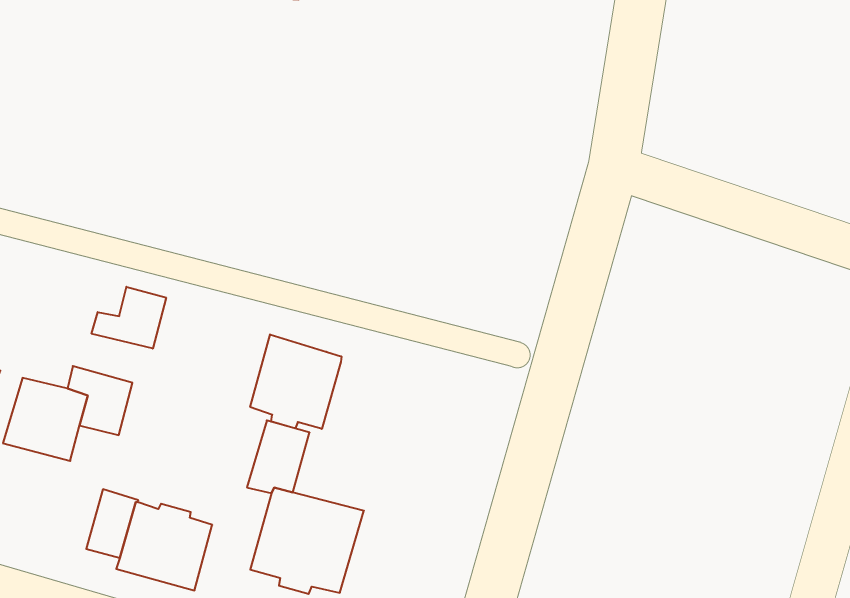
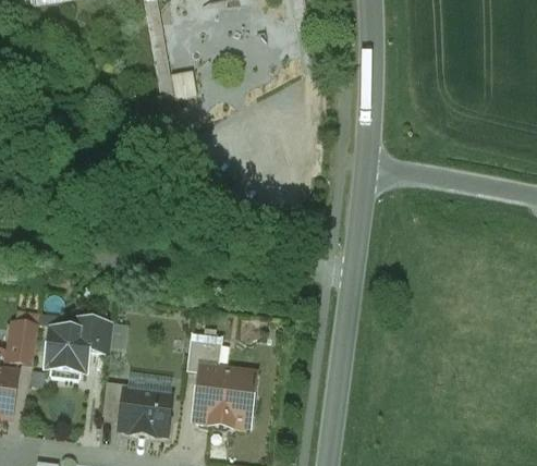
building: [92,287,166,349] -> none
building: [250,334,341,429] -> none

